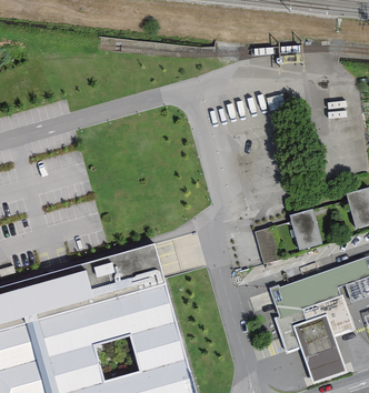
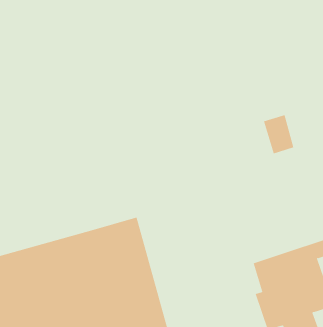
building: [290,209,321,249] -> [263,114,294,154]
building: [255,226,282,263] -> none

